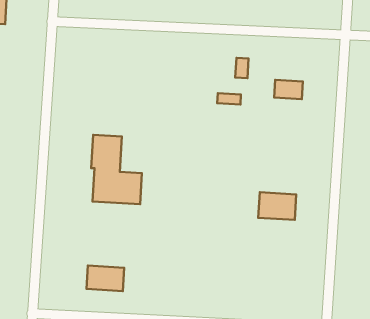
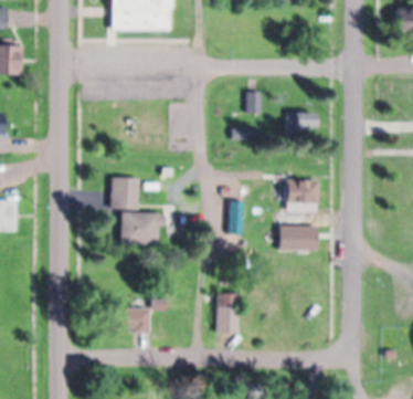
building: none -> [282,179,318,202]
building: none -> [218,294,241,333]

